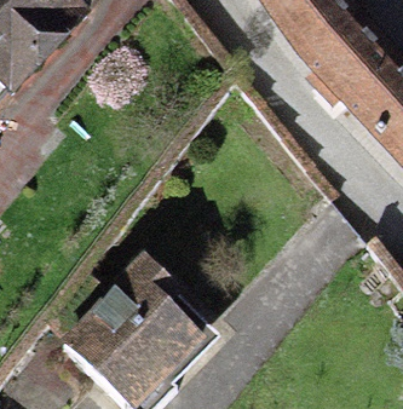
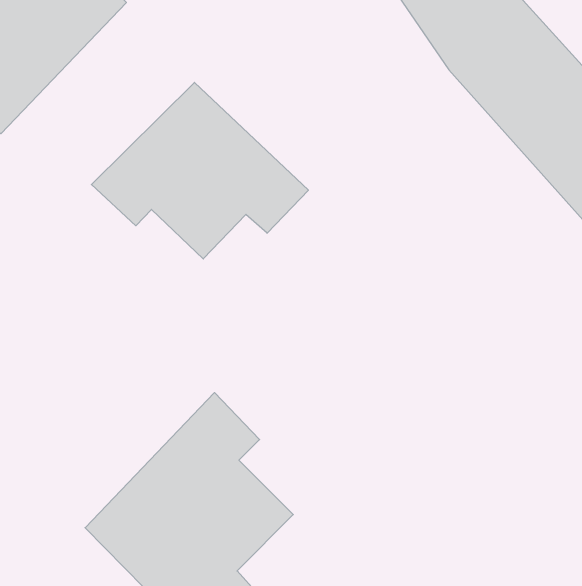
building: none -> [91,82,308,259]

